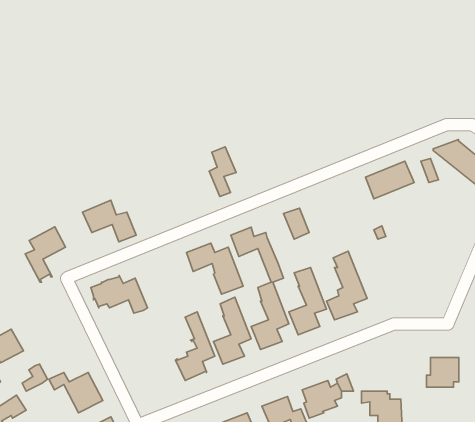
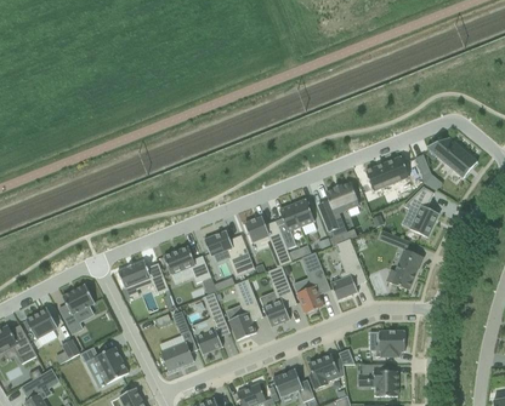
building: [209,147,236,197] -> [277,204,301,248]
building: none -> [318,182,359,236]
building: none -> [403,187,438,236]
building: [82,200,136,242] -> [163,245,211,282]
building: [25,227,66,282] -> [58,284,95,333]
building: none -> [386,248,424,290]
building: none -> [160,310,197,371]
building: [427,358,459,387] -> [375,330,404,356]

